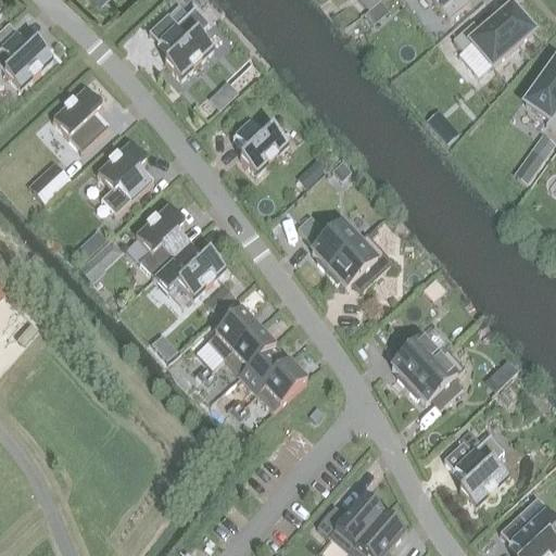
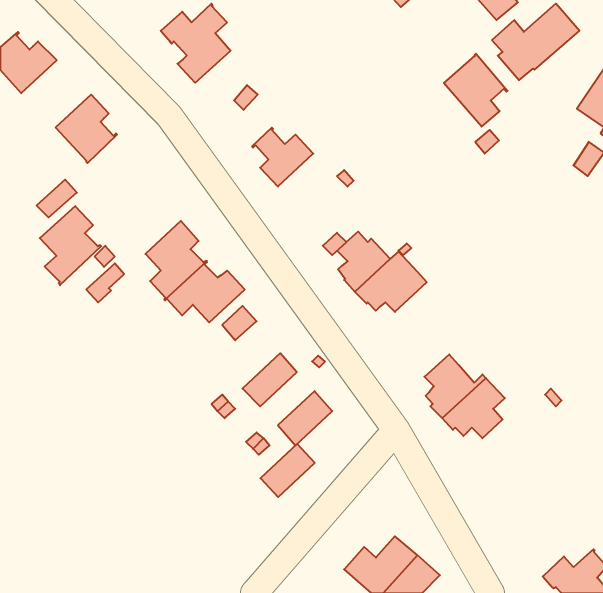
building: none -> [444,54,508,127]
building: [97,141,153,214] -> [40,206,101,285]
building: [207,307,258,357] -> none
building: [240,342,290,391] -> [260,444,315,497]
building: [443,431,508,504] -> none

